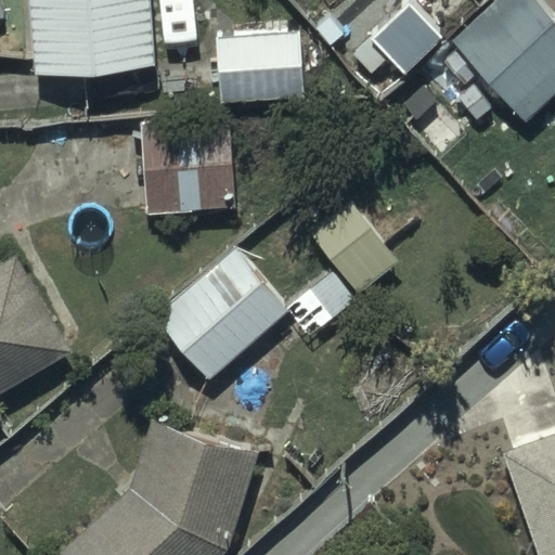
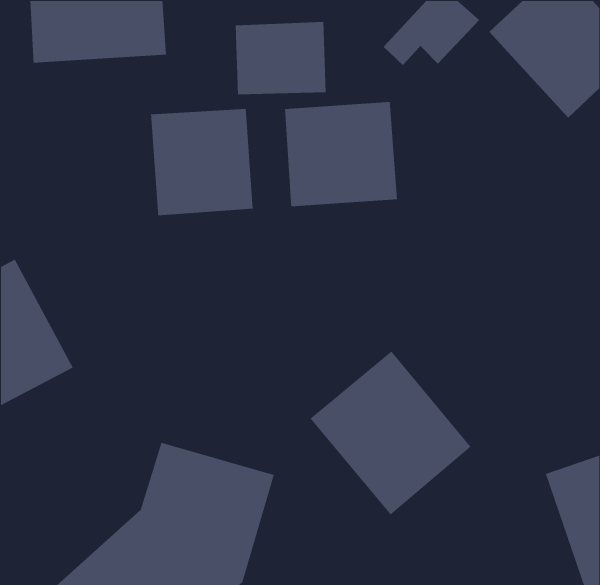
building: none -> [284,101,398,207]
building: [154,205,399,382] -> none
building: none -> [309,351,472,516]

